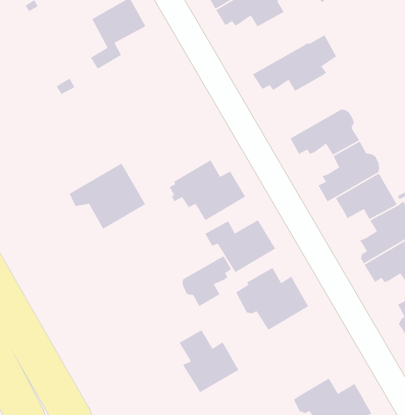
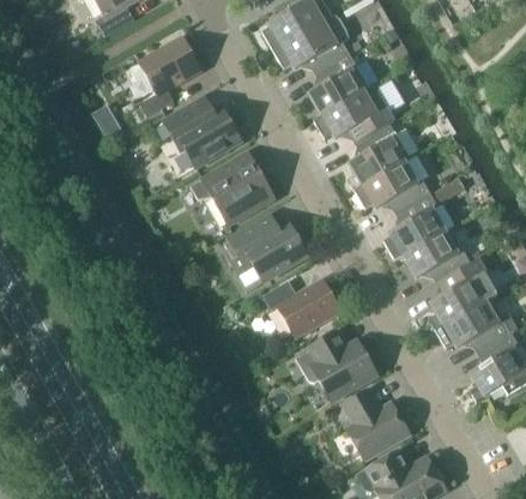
building: none -> [308,54,370,116]
building: none -> [163,96,240,166]
building: none -> [349,124,410,191]
building: [69,162,146,230] -> [189,151,273,224]
building: [182,255,233,307] -> none
building: [179,329,240,393] -> [341,389,407,458]

